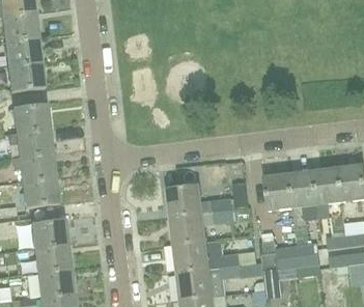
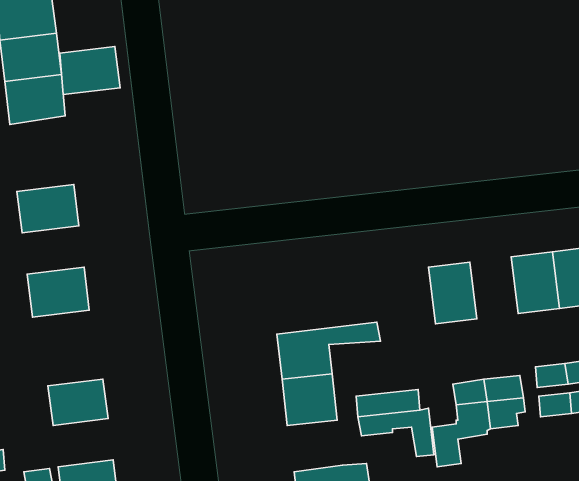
building: [12,102,49,131] -> [60,46,120,95]
building: [11,151,55,180] -> none
building: [287,170,316,207] -> none
building: [168,182,249,217] -> none
building: [30,218,66,248] -> none
building: [36,268,73,297] -> none
building: [177,269,211,300] -> none

